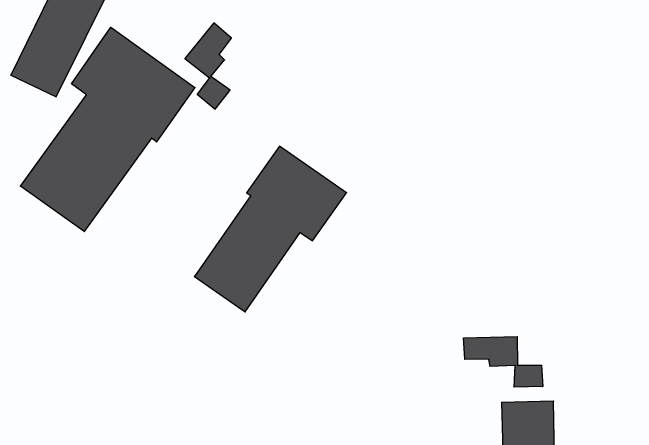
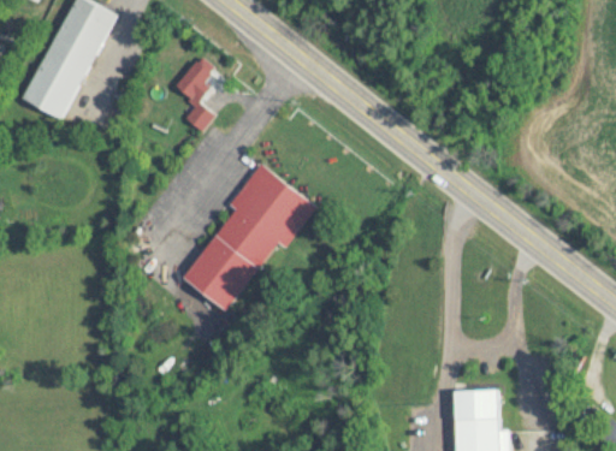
building: [20,27,195,232] -> none
building: [464,337,543,387] -> none

